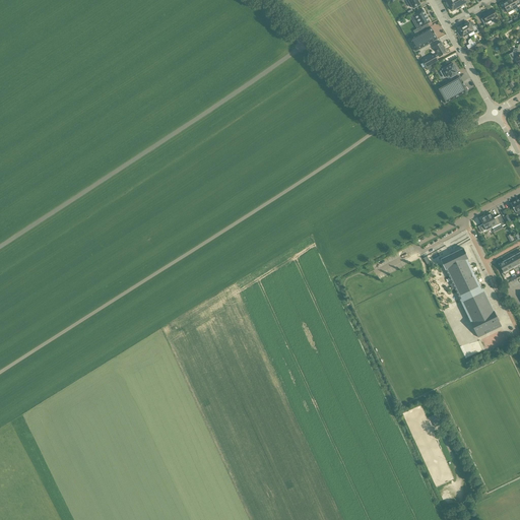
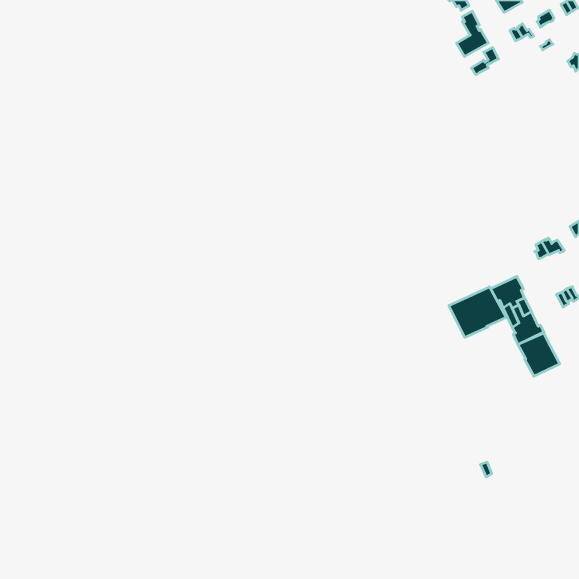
building: [437,63,467,103] -> none
building: none -> [449,287,506,337]

